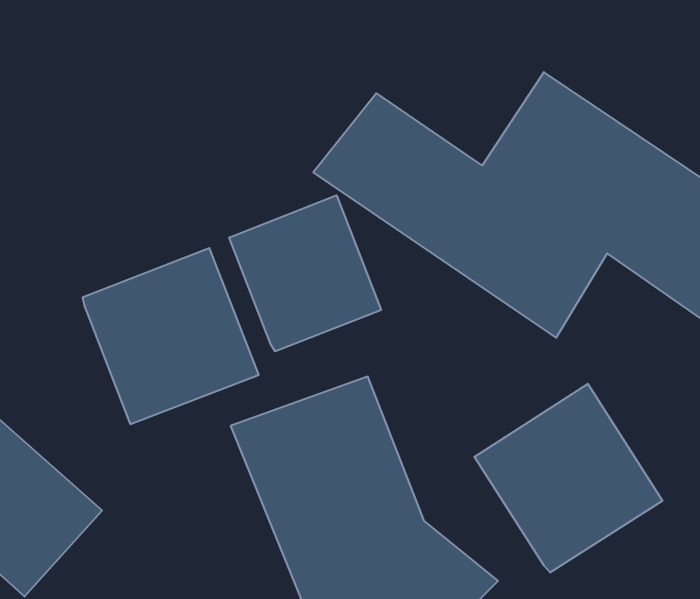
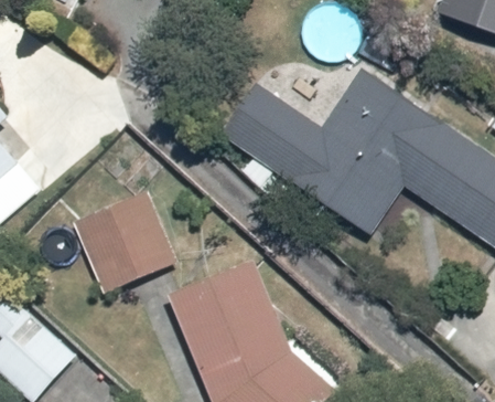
building: [229,195,381,351] -> none
building: [474,384,662,573] -> none

